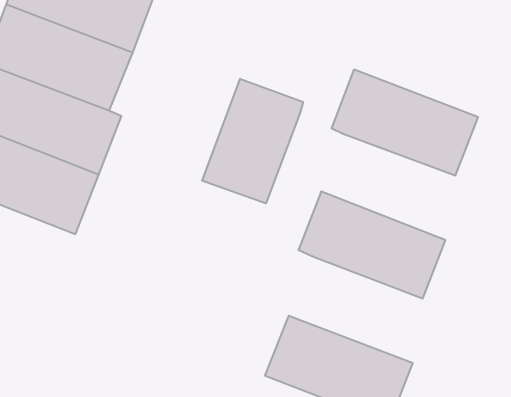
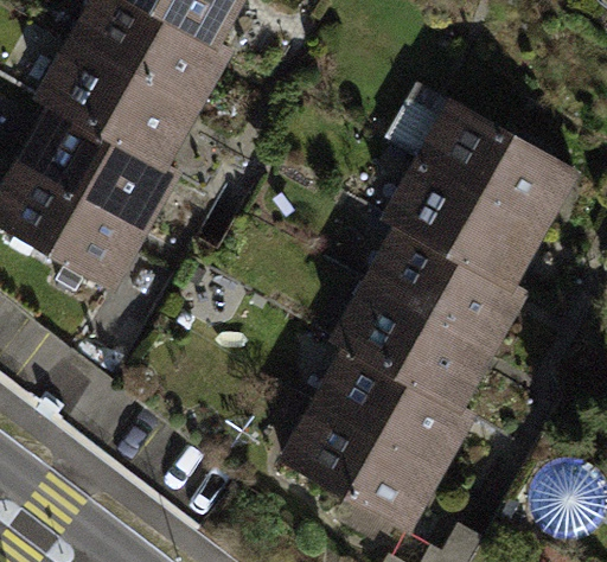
building: none -> [421,102,574,226]
building: [202,79,303,203] -> none
building: none -> [369,223,523,349]
building: none -> [317,345,471,471]

